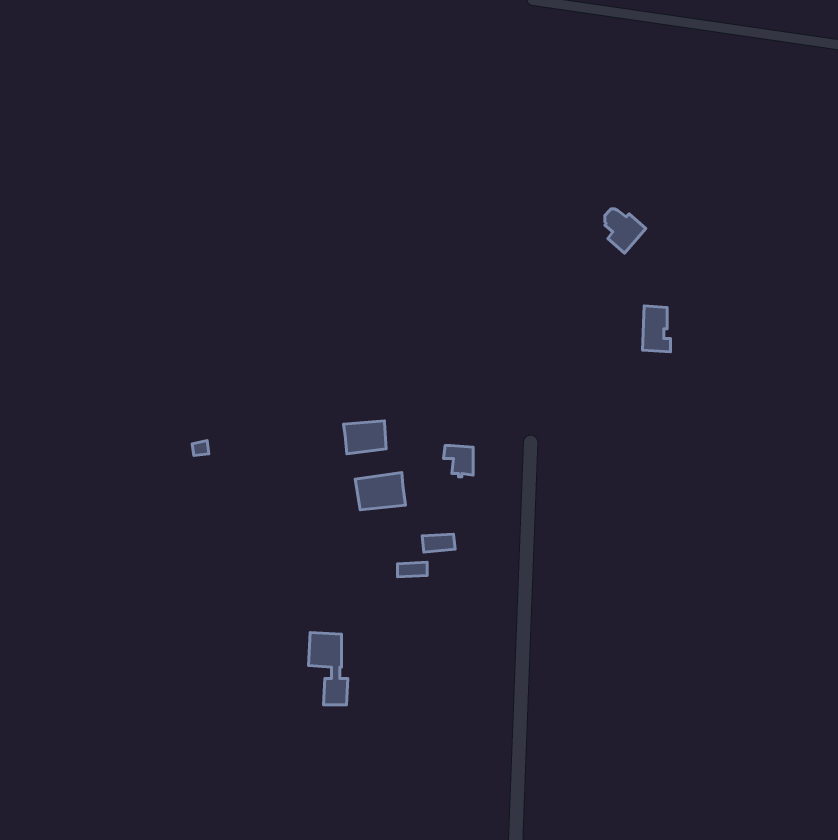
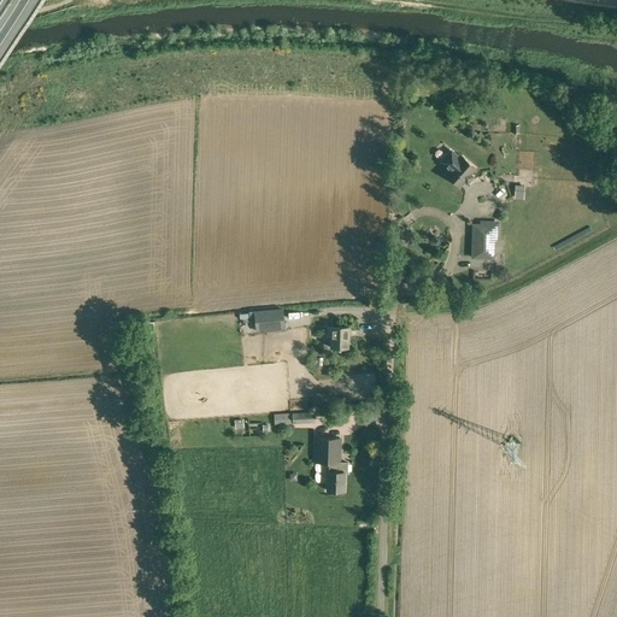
building: [355,473,406,510] -> none
building: [309,633,348,705] -> [315,437,343,490]

